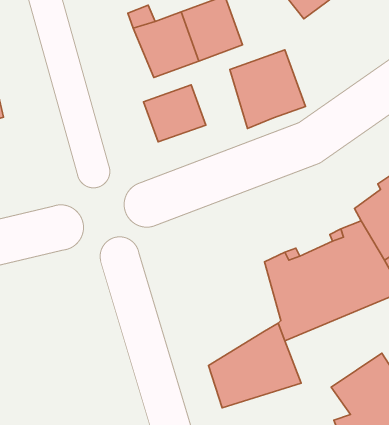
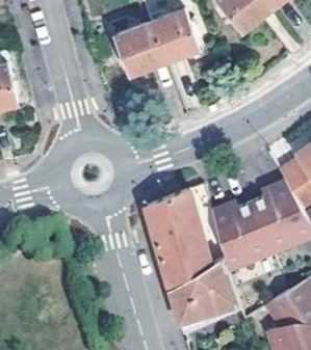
building: [230,50,305,128] -> none
building: [144,85,206,142] -> none
building: none -> [146,189,213,290]

